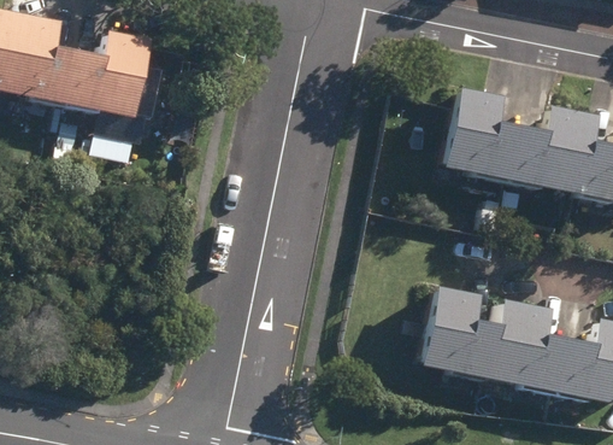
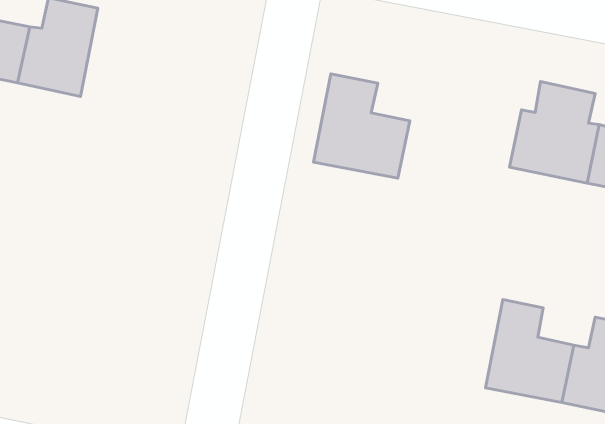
building: [441,88,527,182] -> [314,74,410,178]
building: [419,287,511,381] -> none

